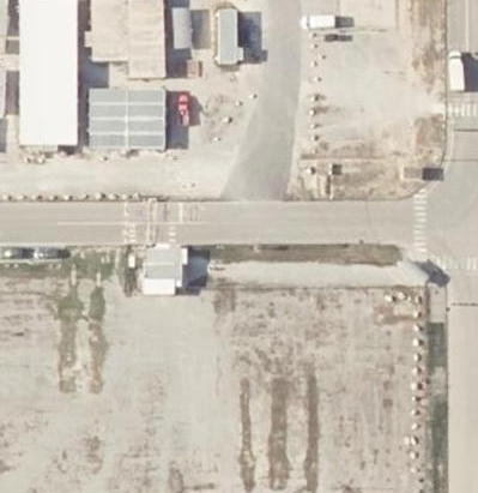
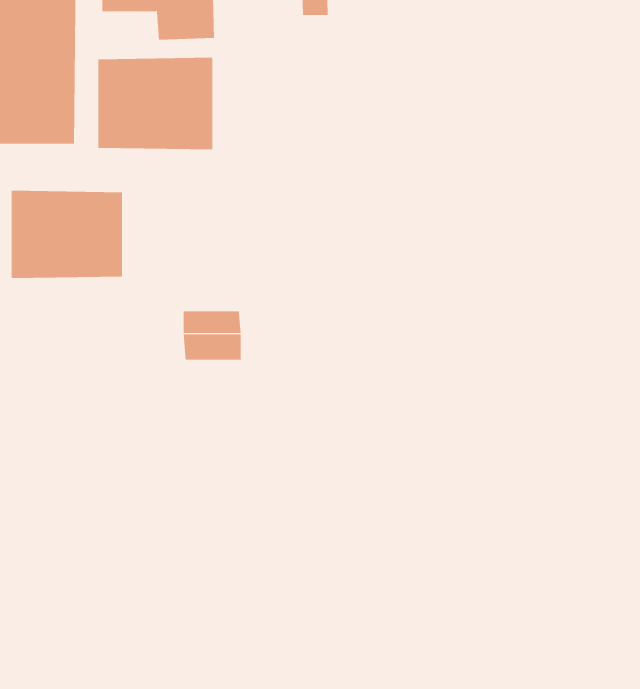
building: none -> [11,190,123,279]

